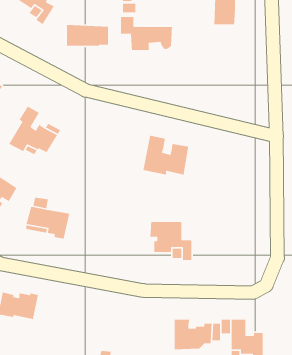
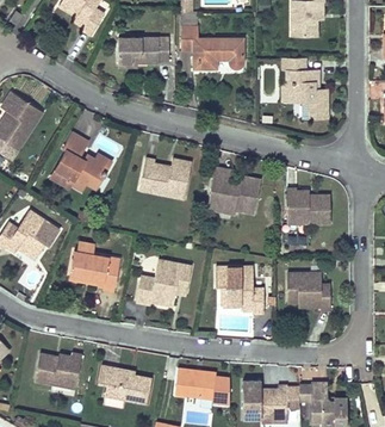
building: none -> [286,60,331,122]
building: none -> [142,157,190,198]
building: none -> [287,188,331,223]
building: none -> [136,259,191,308]
building: none -> [287,273,331,310]
building: none -> [98,364,151,402]
building: none -> [174,366,215,398]

